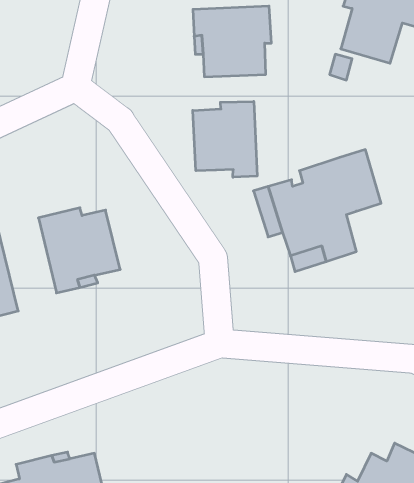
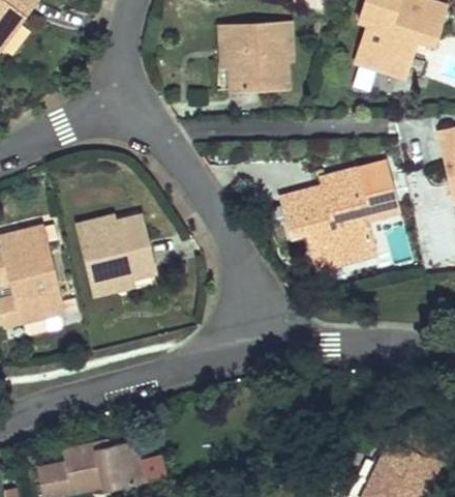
building: [193,101,257,177] -> none

